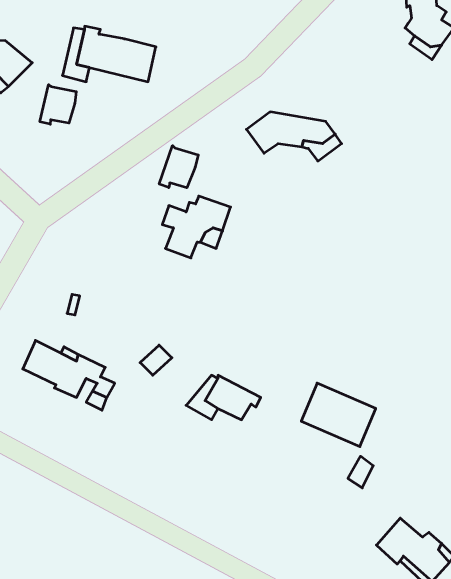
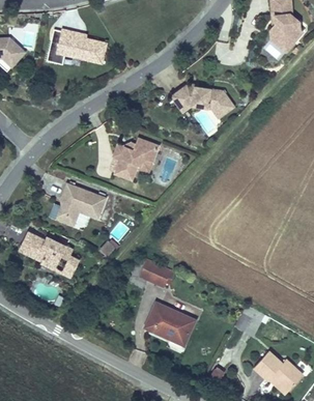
building: [40,85,76,124] -> none
building: [159,146,198,188] -> none
building: none -> [59,184,108,227]
building: [301,383,376,447] -> [145,299,194,341]

